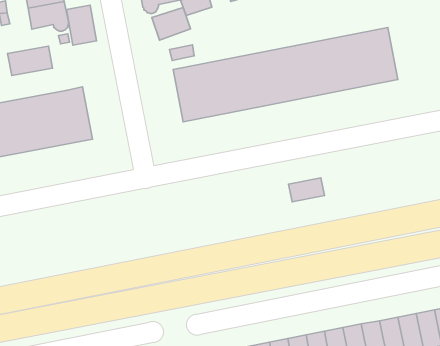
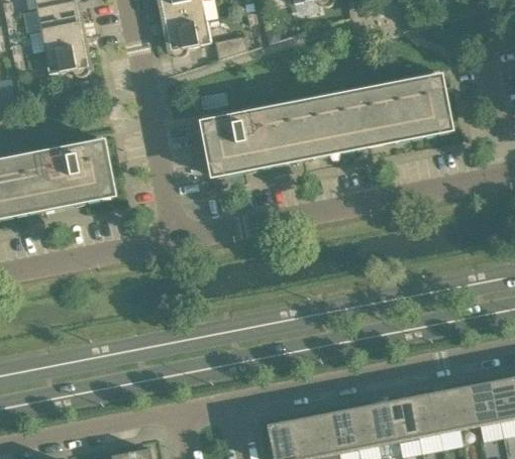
building: [66,5,97,45] -> none
building: [152,7,190,40] -> none
building: [8,46,53,76] -> none
building: [289,178,324,202] -> none

